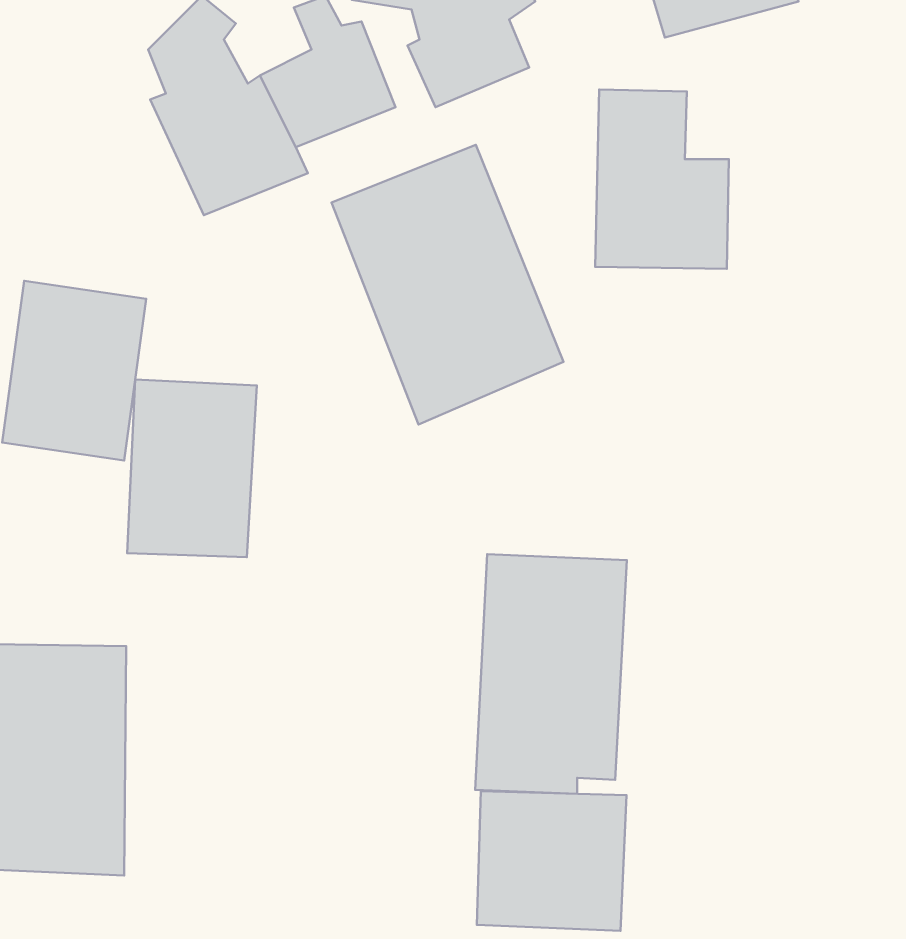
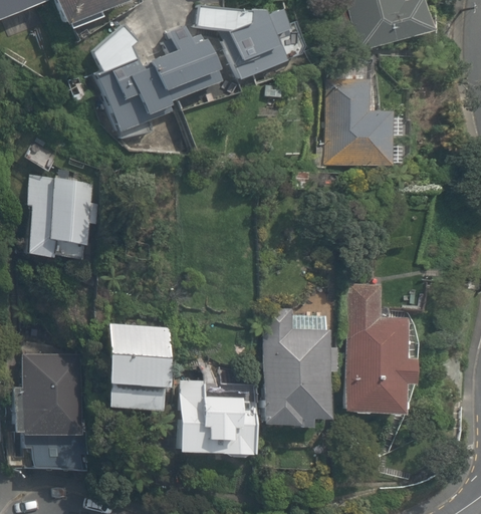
building: [332,145,564,424] -> none
building: [127,379,257,557] -> [102,318,168,408]
building: none -> [346,290,418,416]
building: [477,791,627,931] -> [182,384,257,455]

